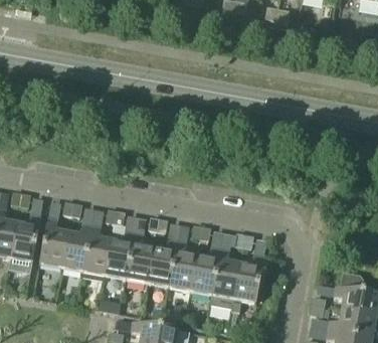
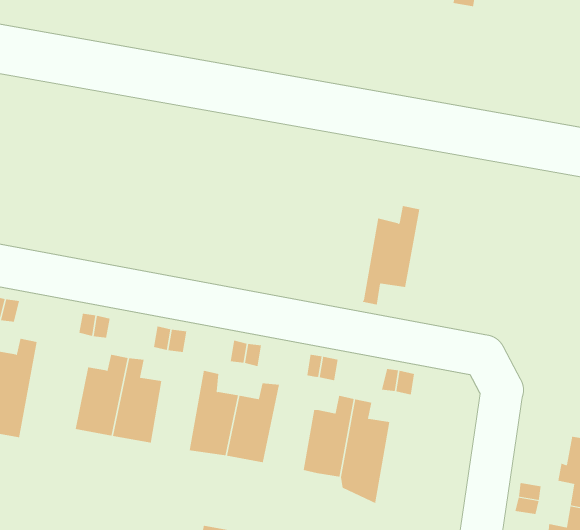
building: [39,219,68,268] -> none
building: [105,233,134,280] -> none
building: [168,242,196,291] -> none
building: [230,256,263,313] -> [361,205,420,305]

